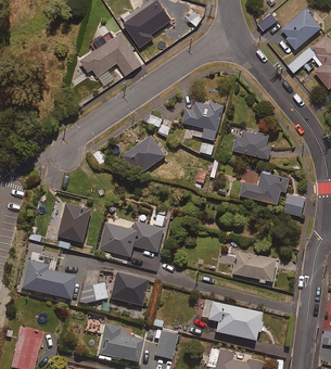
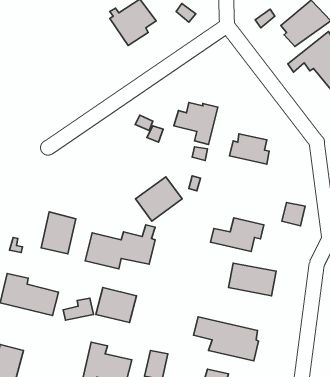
building: [80,29,141,88] -> none
building: [123,133,166,175] -> [136,177,182,221]
building: [240,171,290,203] -> [210,218,264,252]

